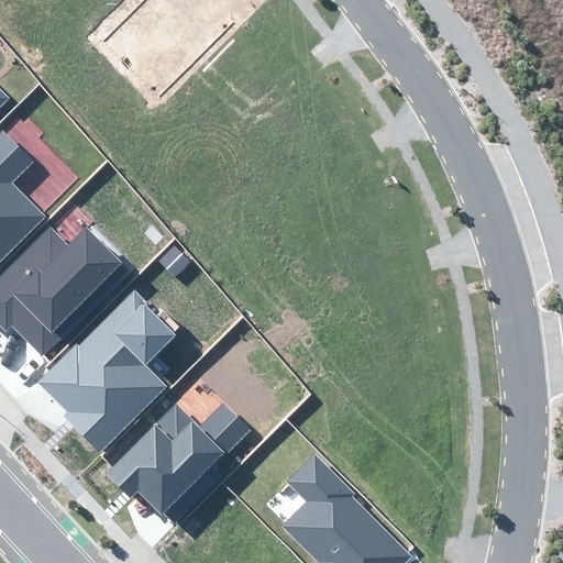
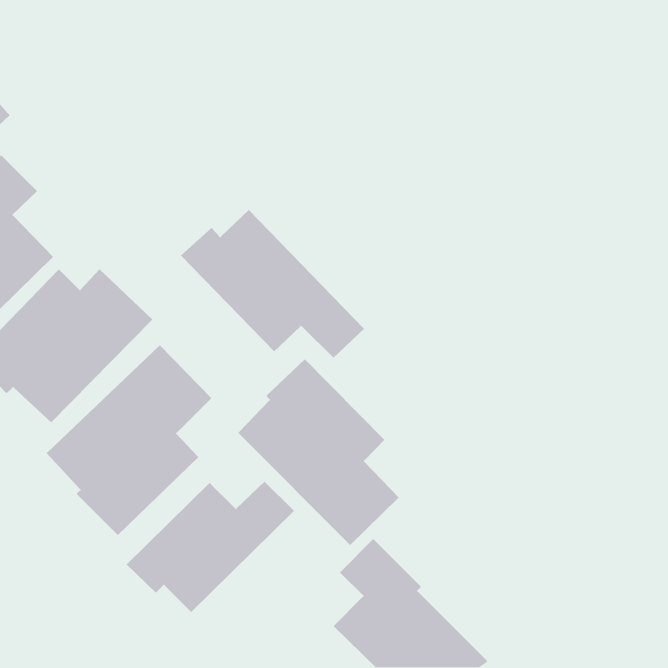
building: none -> [180,209,365,359]
building: none -> [237,358,399,546]

